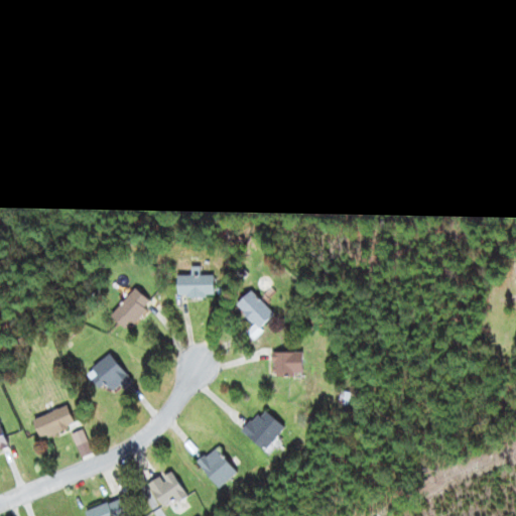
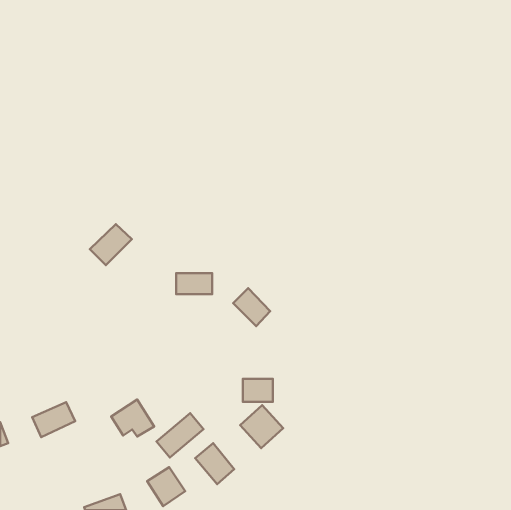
building: [110,288,152,330] -> [90,224,132,265]
building: [271,352,301,375] -> [243,379,273,402]
building: [86,354,129,391] -> [111,400,154,437]
building: none -> [157,413,204,457]

